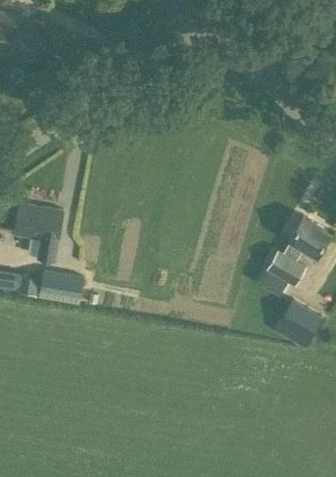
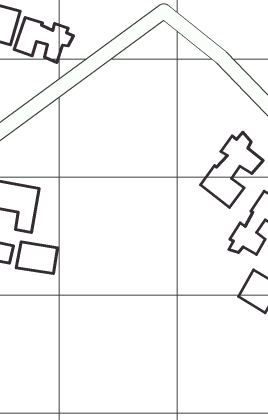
building: none -> [14,17,73,63]
building: none -> [200,132,263,208]

